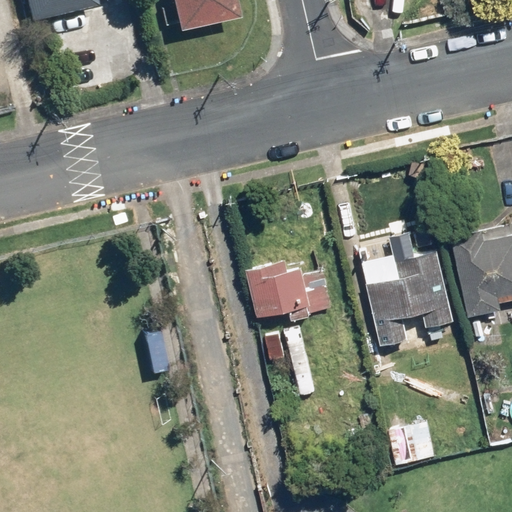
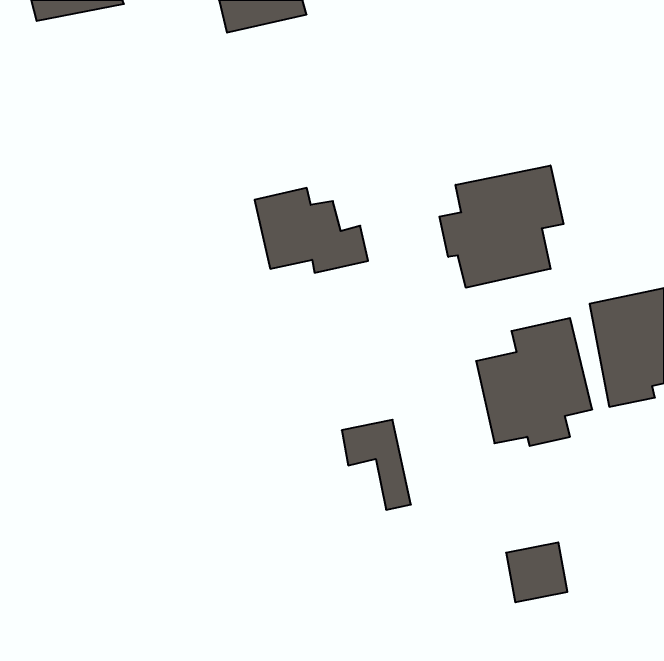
building: none -> [439,165,564,288]
building: [244,254,331,319] -> [255,188,368,273]

